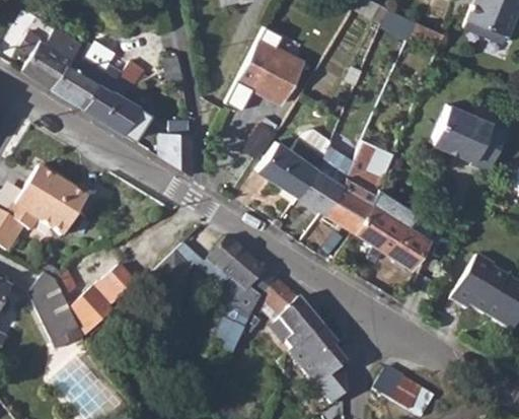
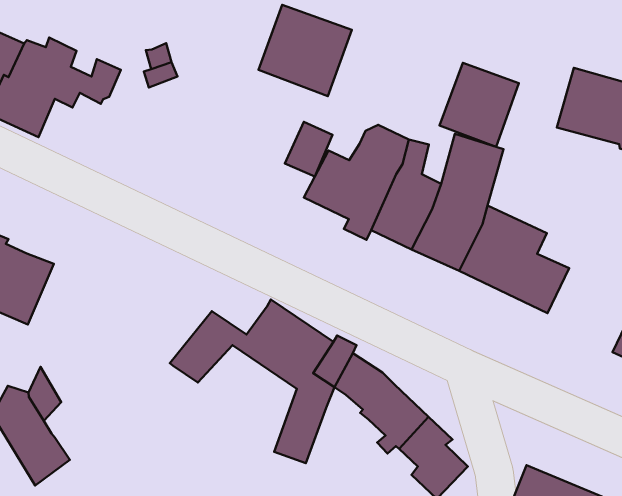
building: [83,82,150,141] -> none
building: none -> [440,63,519,147]
building: [164,134,190,174] -> none
building: [68,265,135,338] -> none

